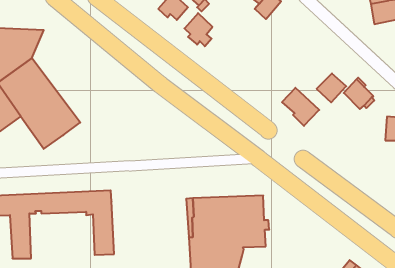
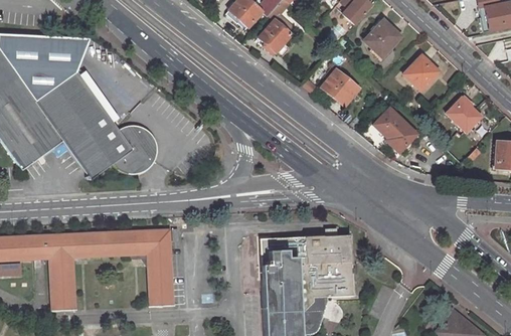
building: none -> [365,21,401,56]
building: none -> [322,66,359,103]
building: [317,73,346,102] -> [402,57,438,92]
building: none -> [114,128,158,175]

